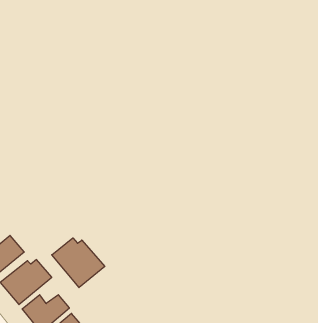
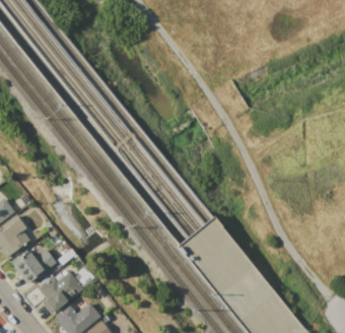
building: [52,238,105,288] -> none

